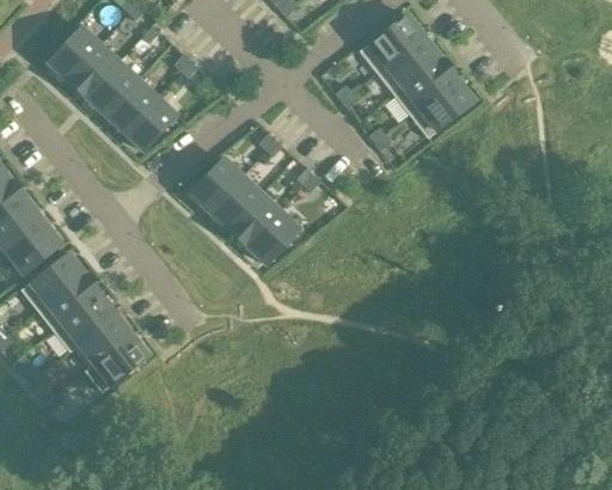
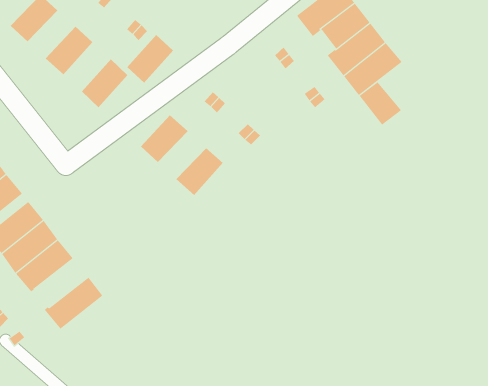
building: [67,43,120,96] -> none
building: [106,78,158,131] -> [127,34,174,84]
building: none -> [359,82,402,126]
building: [209,174,262,227] -> none
building: [249,209,300,263] -> none
building: [74,313,134,367] -> none

